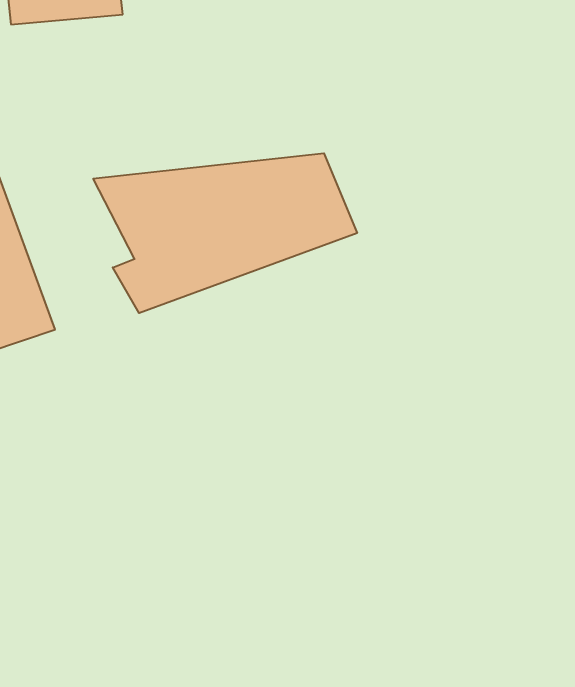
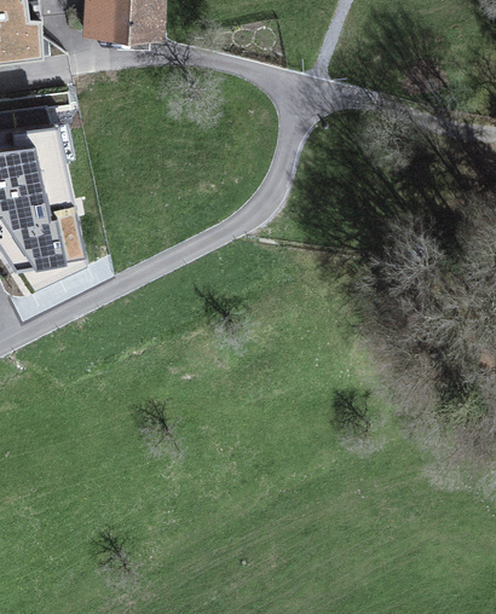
building: [93,153,357,313] -> none

